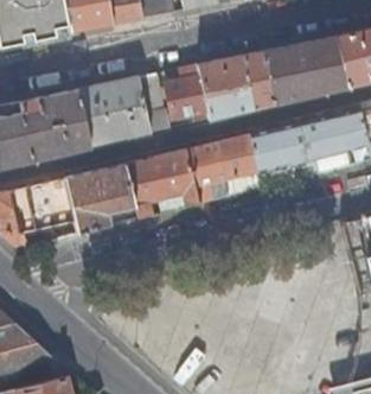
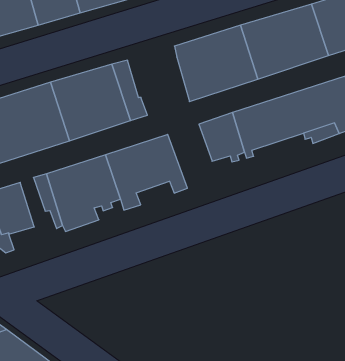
building: [166,76,209,121] -> none
building: [185,142,225,203] -> none

